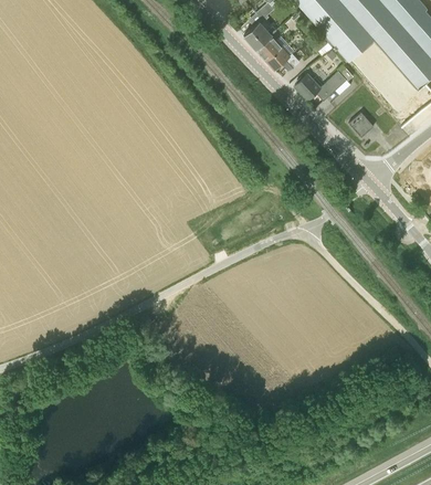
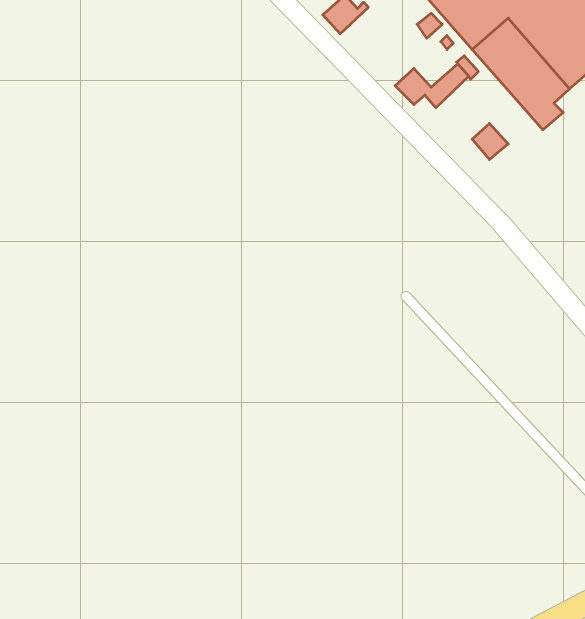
building: [257,33,292,67] -> none

